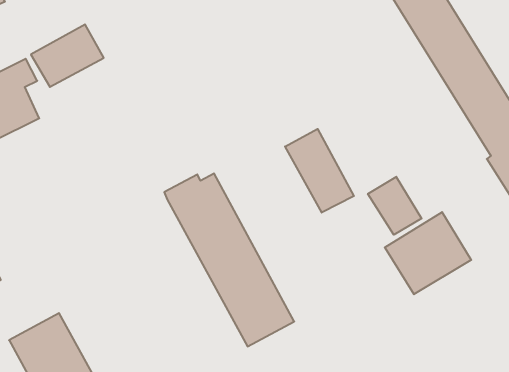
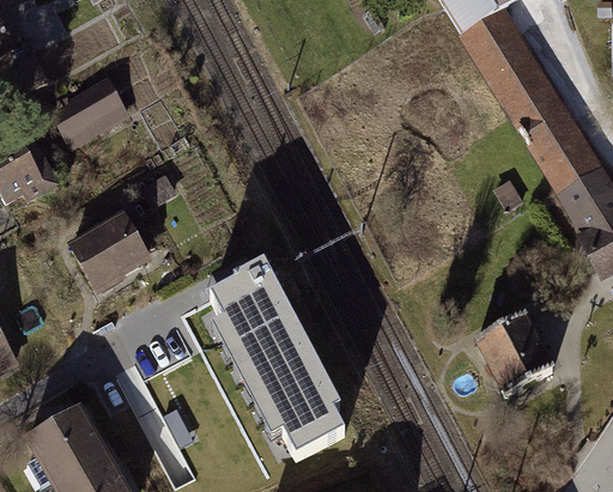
building: [285,129,354,213] -> none
building: none -> [71,207,160,296]
building: [368,177,422,235] -> none

